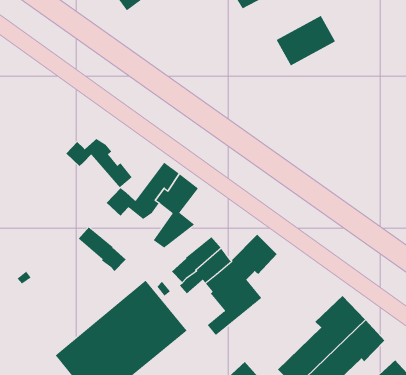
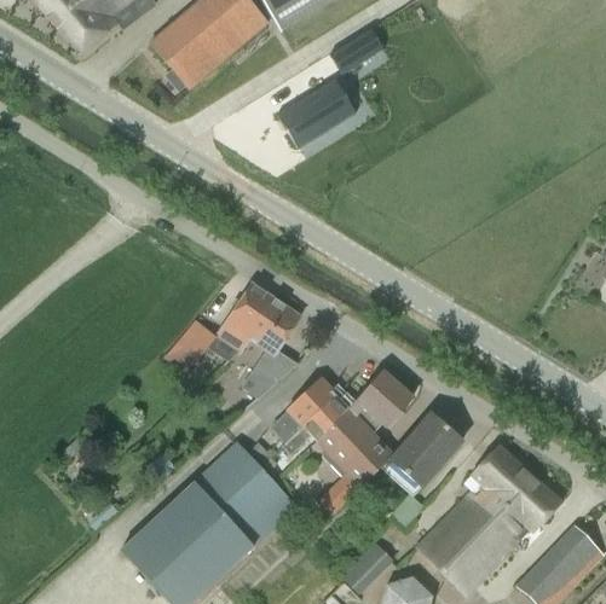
building: [276,15,336,66] -> [277,77,357,147]
building: [66,138,132,188] -> none
building: [78,227,126,272] -> none
building: none -> [381,412,461,494]

